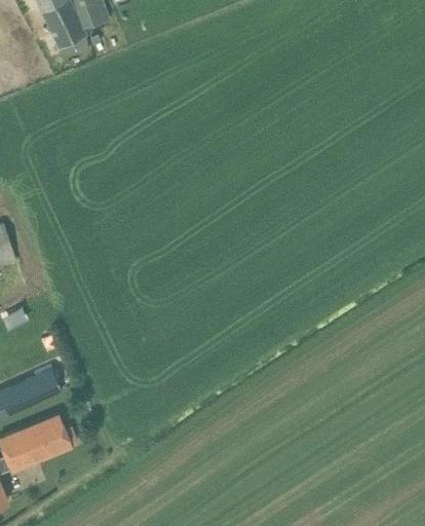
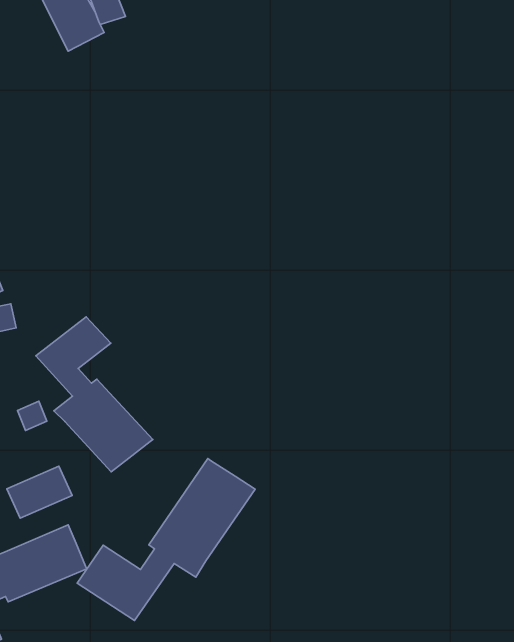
building: none -> [36,317,153,472]
building: none -> [77,458,255,621]

